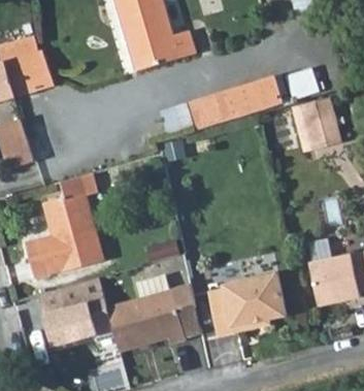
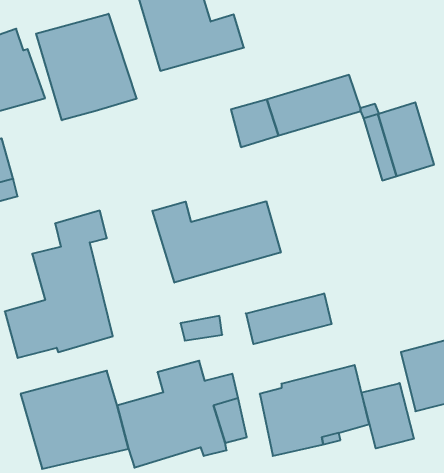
building: none -> [36,14,137,120]
building: none -> [152,201,281,283]
building: none -> [246,293,332,344]
building: none -> [362,383,414,448]

